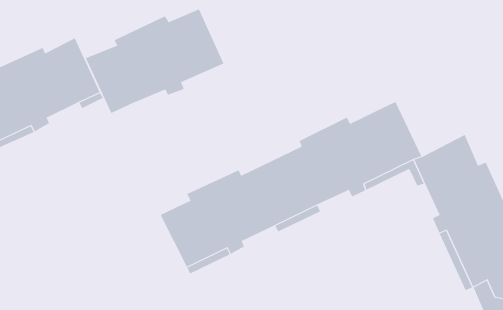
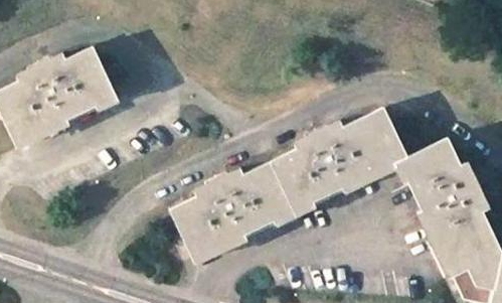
building: [85,8,224,114] -> none

